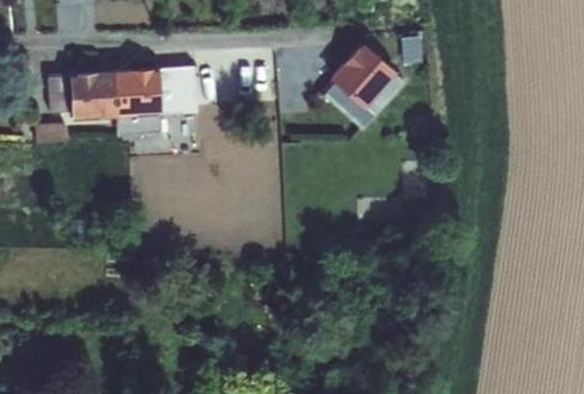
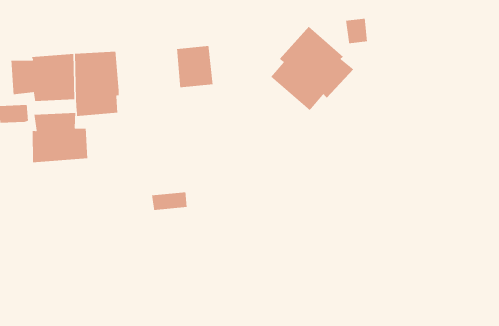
building: [157,64,197,110] -> [176,45,214,88]
building: none -> [32,112,88,163]

